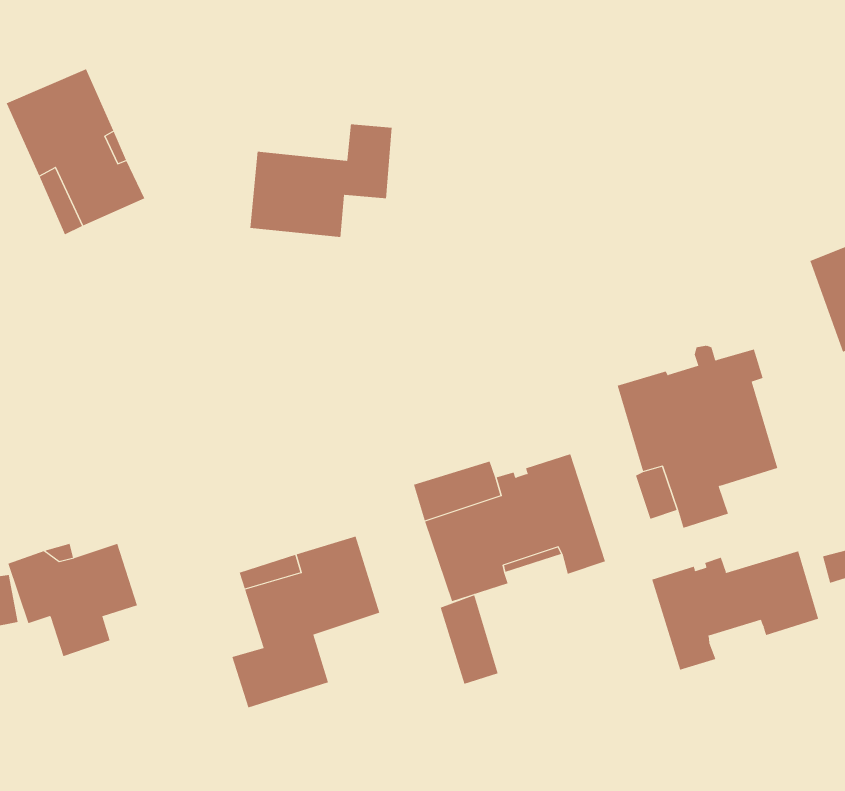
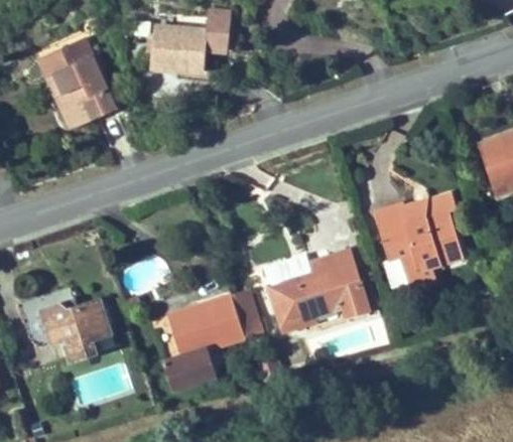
building: [249,124,392,237] -> [151,10,230,72]
building: [651,550,819,670] -> none
building: [440,594,499,684] -> [231,288,263,337]

